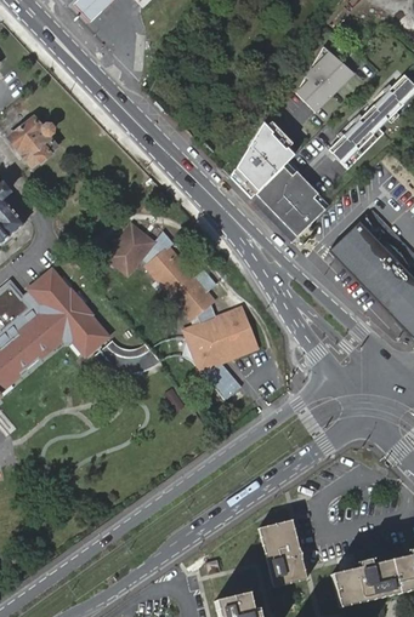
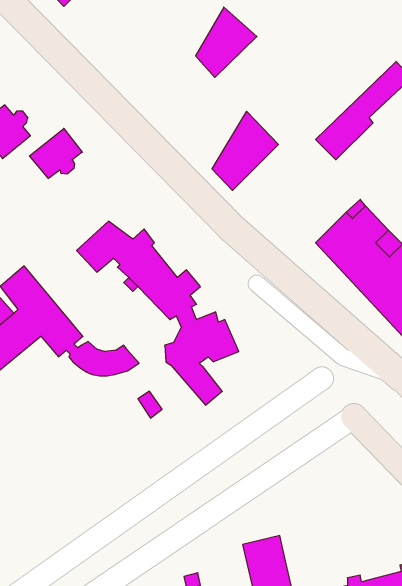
building: [296,45,355,112] -> [196,7,257,77]
building: none -> [29,128,82,178]
building: [251,160,330,240] -> none

